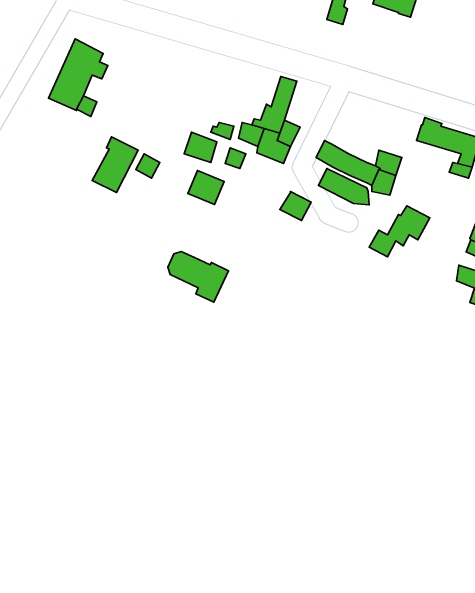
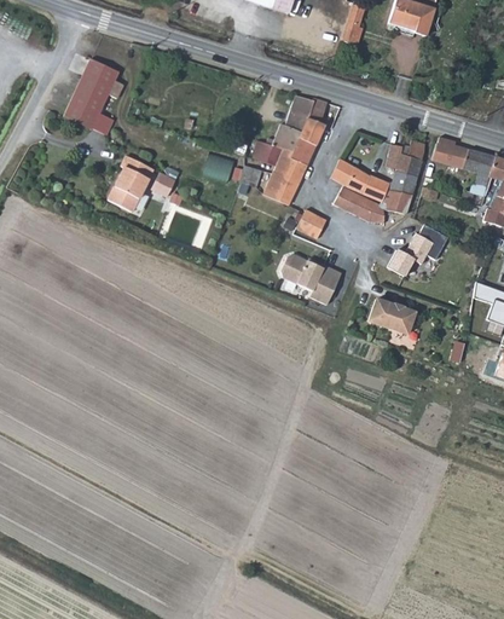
building: none -> [300,99,326,146]
building: none -> [387,140,425,177]
building: [188,171,224,204] -> [262,172,299,206]
building: [168,251,228,302] -> [280,254,341,305]
building: none -> [366,299,412,334]

